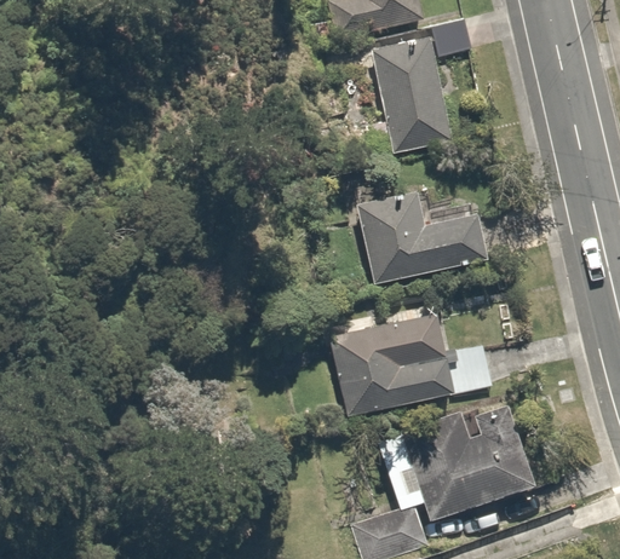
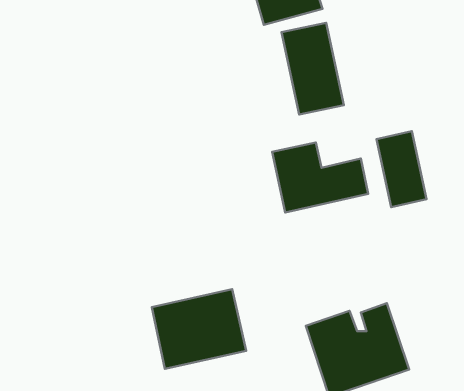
building: none -> [376,131,426,207]
building: [331,313,453,416] -> [152,289,246,369]

